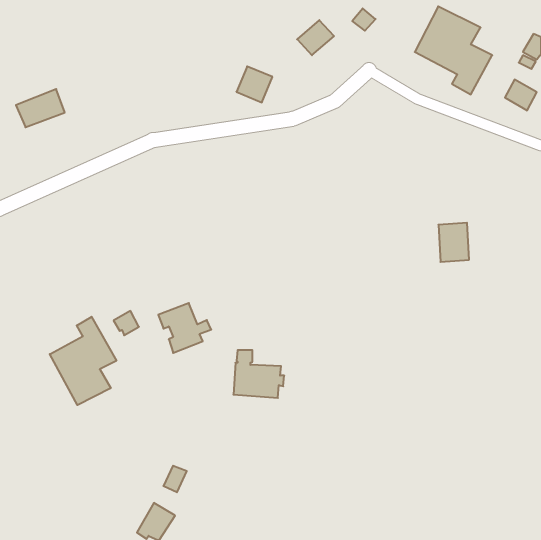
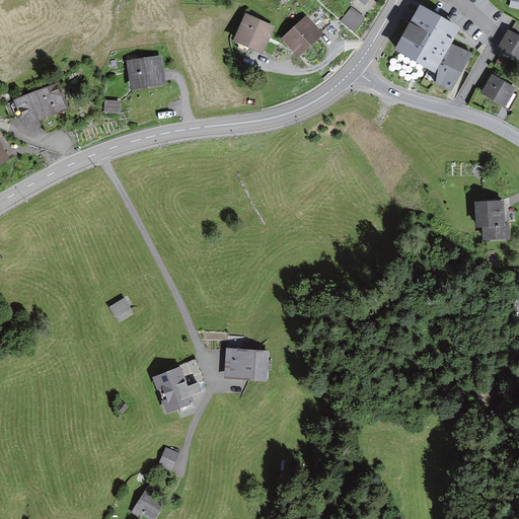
building: none -> [130,58,161,86]
building: [236,66,272,102] -> [235,16,270,51]
building: [438,223,469,262] -> [477,201,507,238]
building: [158,303,211,353] -> [151,366,202,414]
building: [50,317,116,405] -> none

